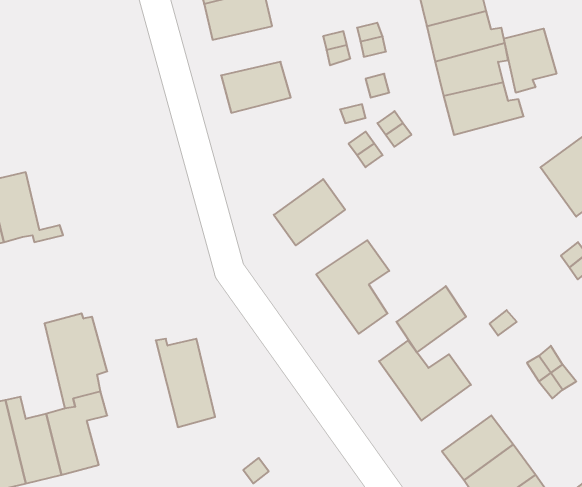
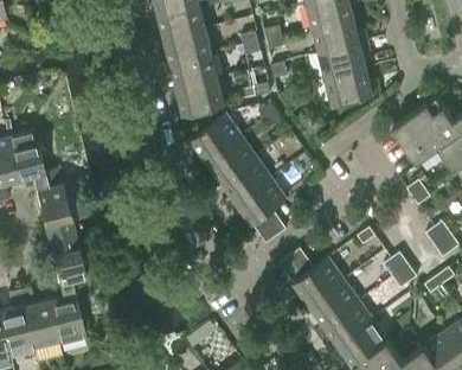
building: none -> [163,28,211,63]
building: [504,29,556,93] -> none
building: none -> [177,78,224,115]
building: none -> [191,114,240,160]
building: none -> [222,157,271,202]
building: [396,286,466,352] -> [309,279,358,325]
building: [156,339,215,427] -> [31,174,72,236]

